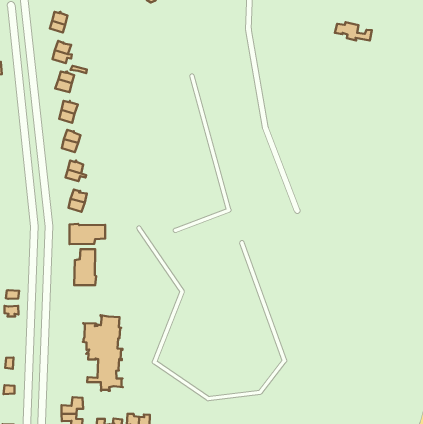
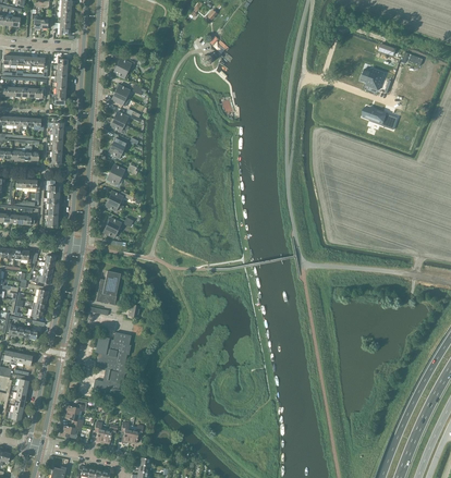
building: [69,224,105,244] -> none

